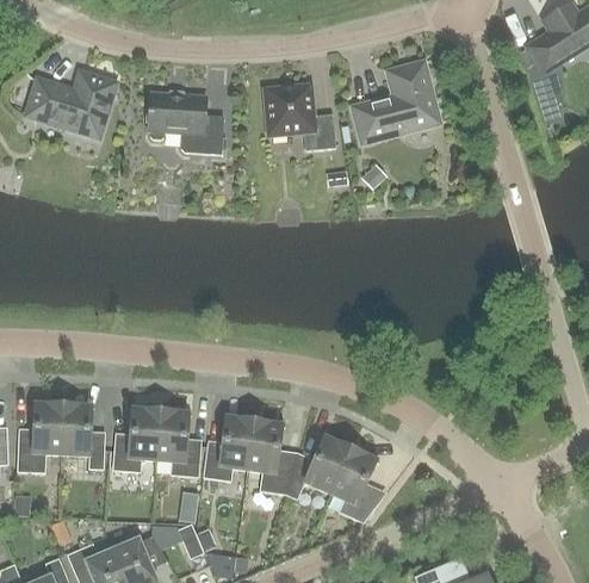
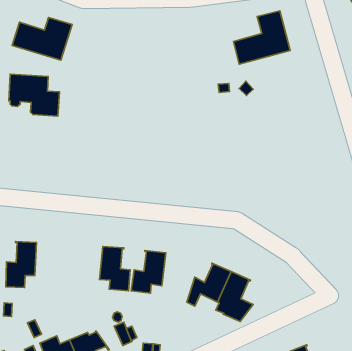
building: [262,85,335,149] -> none
building: [147,91,222,153] -> [9,74,60,116]
building: [60,404,104,467] -> none
building: [112,408,160,471] -> none
building: [247,420,296,492] -> none

